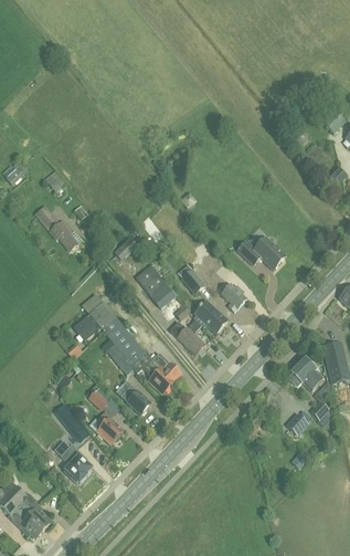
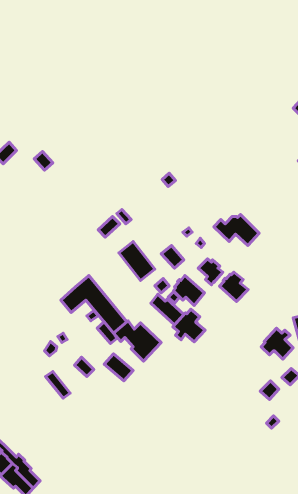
building: [34,204,76,250] -> none
building: none -> [219,272,248,302]
building: none -> [173,309,205,342]
building: [91,412,123,442] -> none
building: [60,444,89,482] -> none

